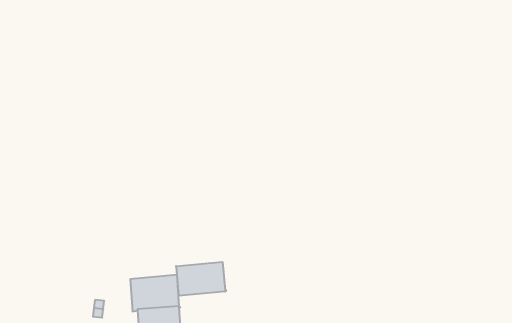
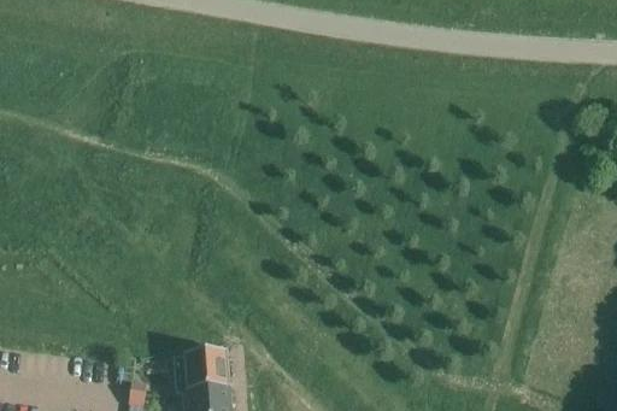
building: [176,262,226,296] -> none

